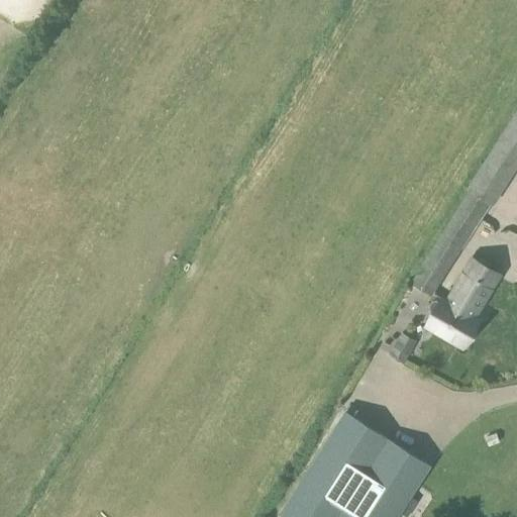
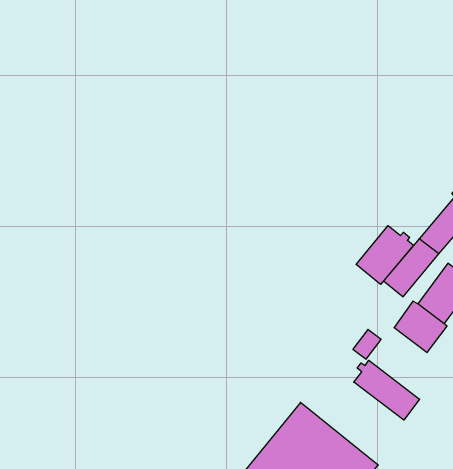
building: none -> [356,226,413,284]
building: none -> [354,360,420,420]

